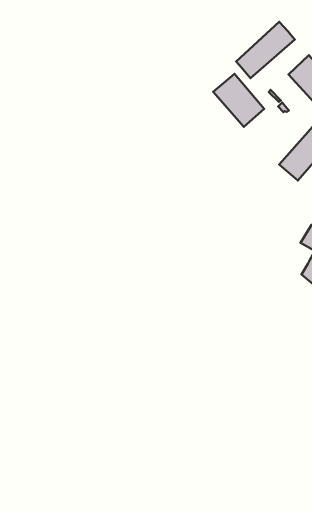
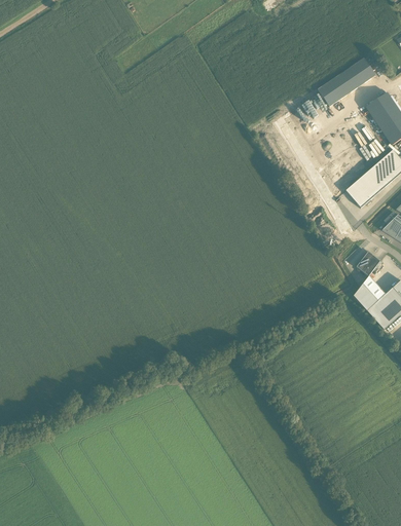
building: [213,74,264,127] -> none

